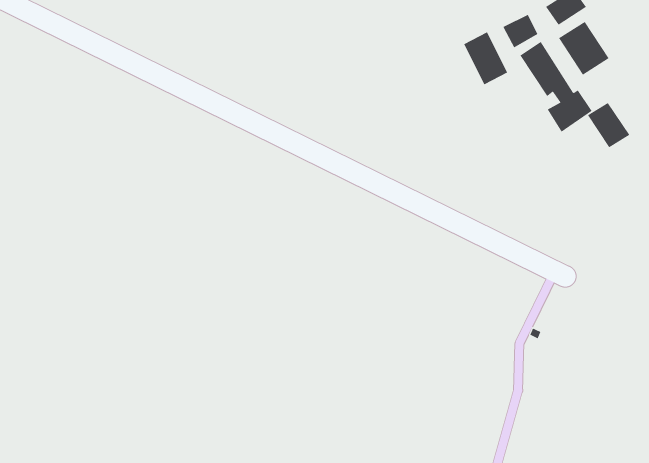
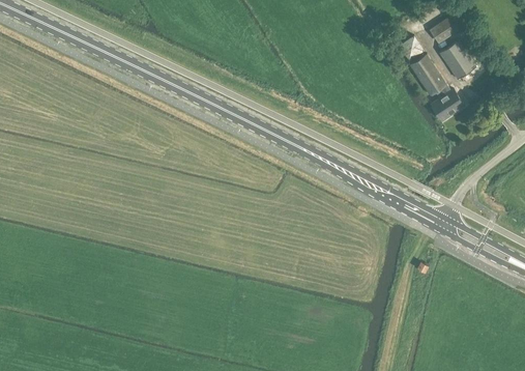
building: [463,31,508,85] -> none
building: [587,102,630,148] -> none

